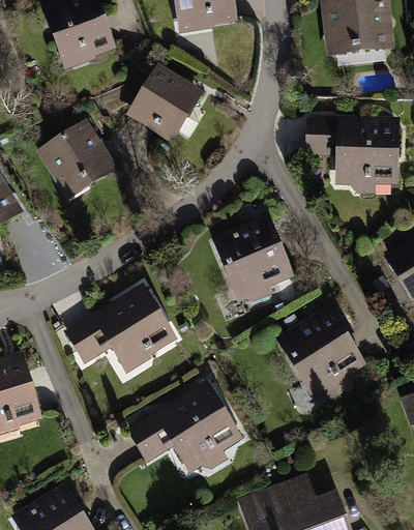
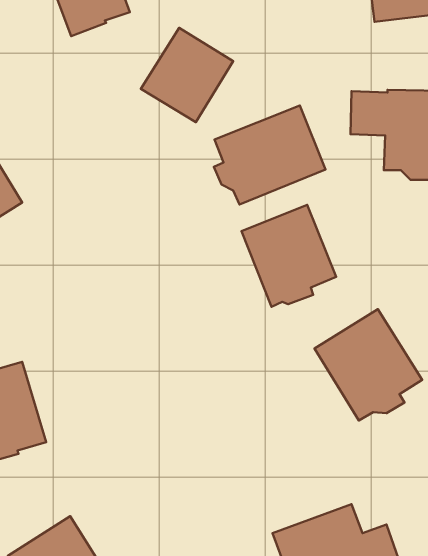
building: [35,119,118,201] -> none
building: none -> [214,105,326,204]
building: [63,282,180,373] -> none
building: [126,380,244,473] -> none

